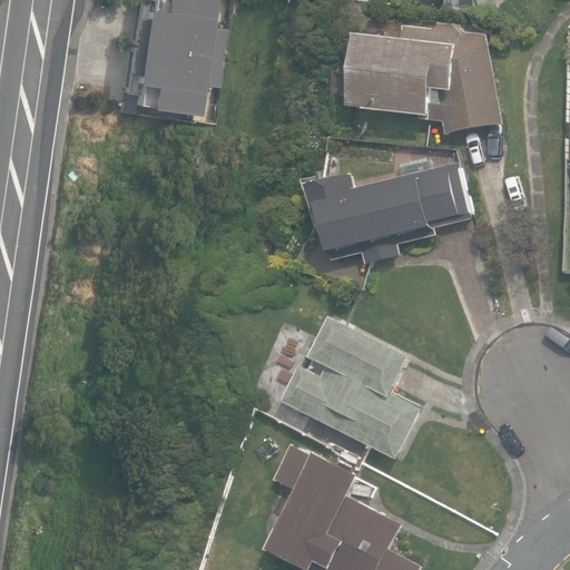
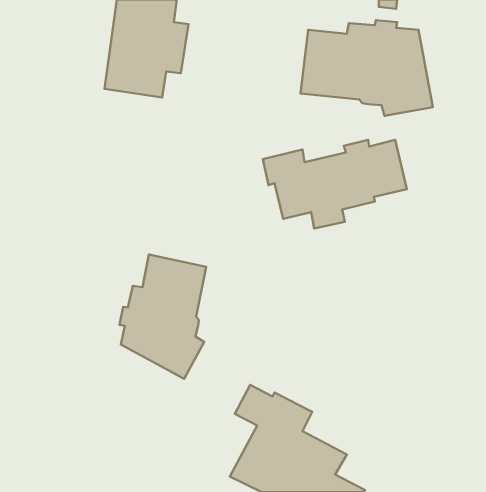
building: none -> [120,255,206,379]
building: [281,316,420,459] -> none

